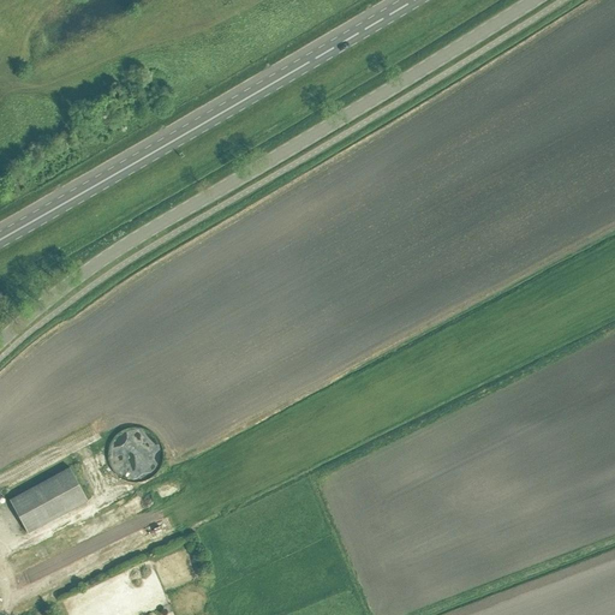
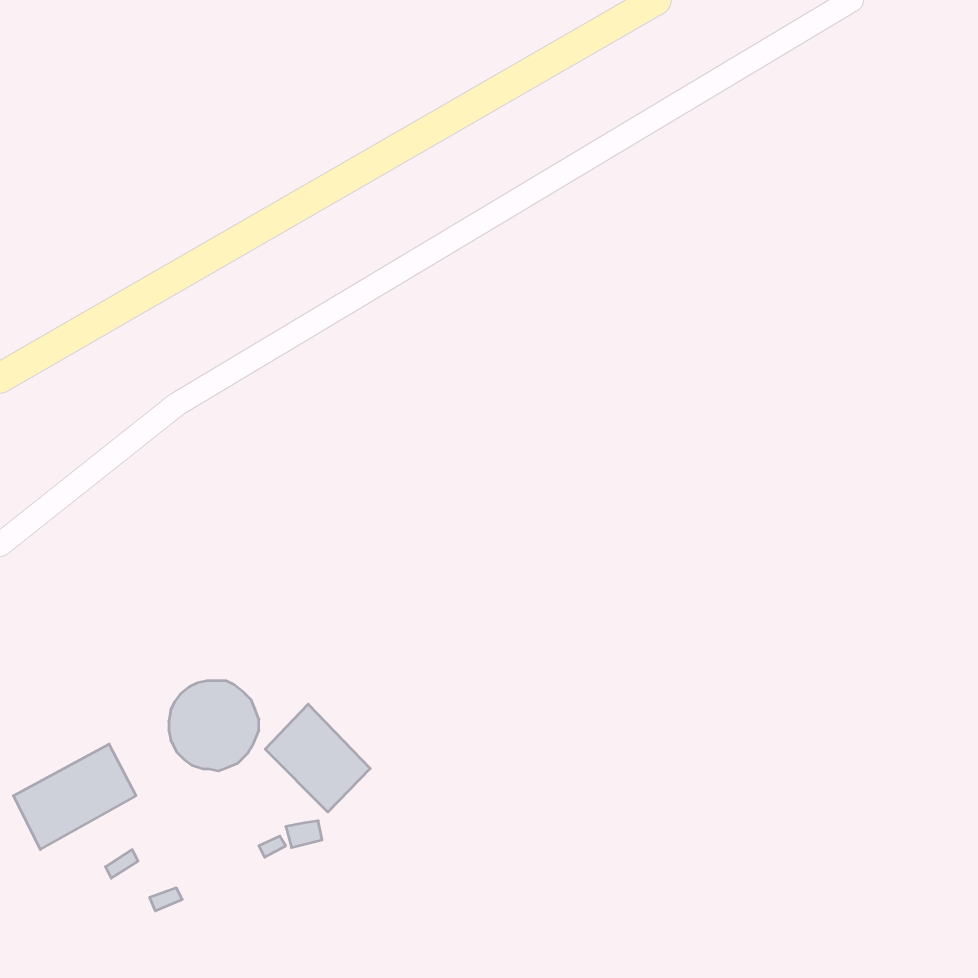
building: none -> [265,704,370,812]

